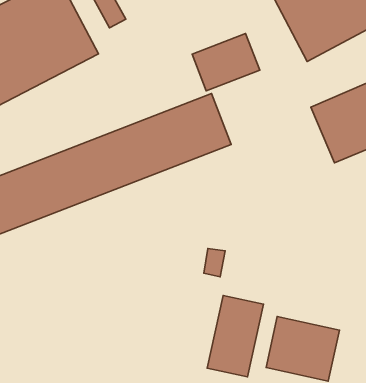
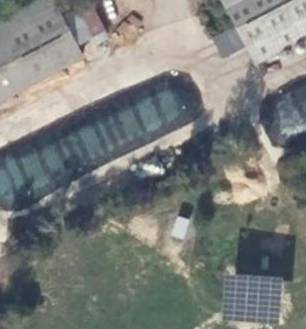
building: [192,33,260,91] -> none
building: [207,295,264,377] -> none

